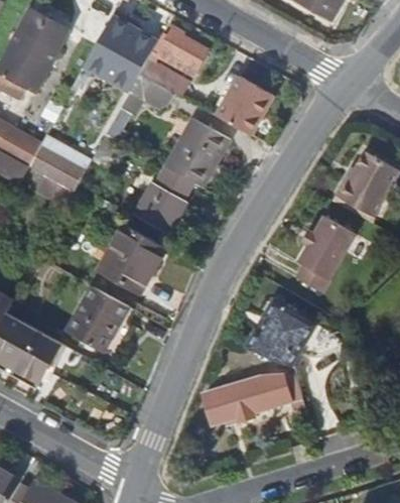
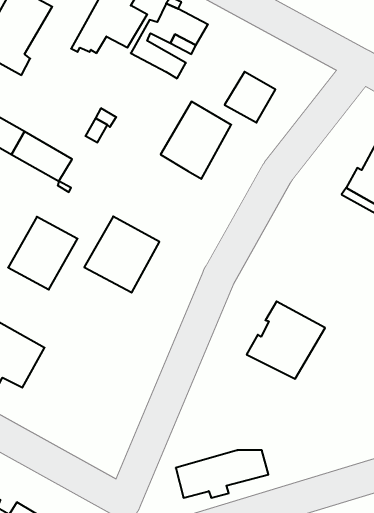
building: [121,73,171,113] -> none
building: [134,165,191,230] -> none
building: [296,217,356,293] -> none
building: [63,282,127,349] -> [8,217,78,290]
building: [204,379,288,422] -> [176,450,268,498]

